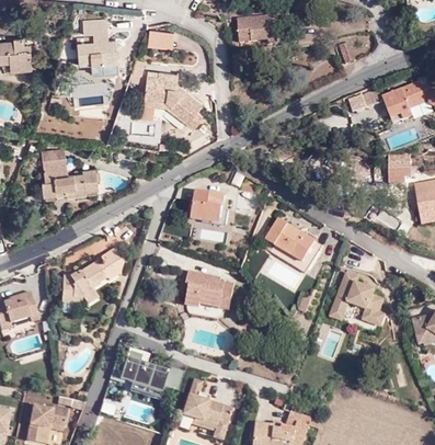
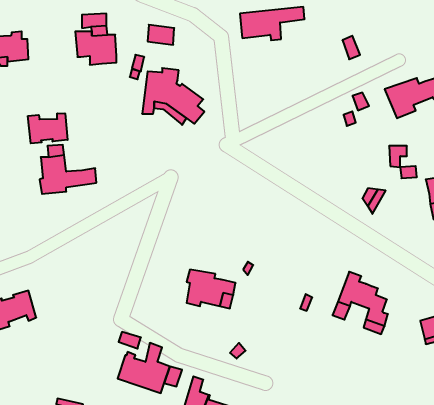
building: none -> [28,113,68,143]
building: [191,191,224,222] -> none
building: [264,218,316,263] -> none
building: [60,249,123,304] -> none

